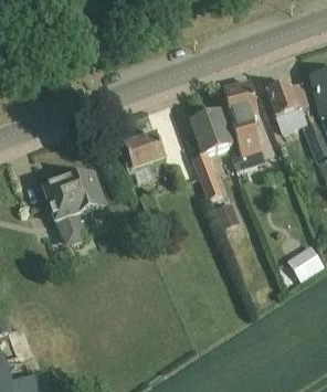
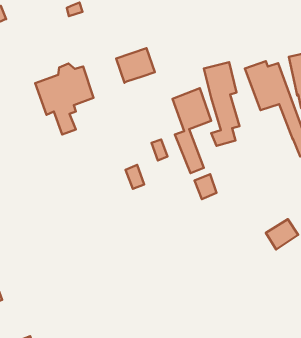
building: [124,133,165,169] -> [116,48,155,83]
building: [43,167,105,242] -> [35,63,94,135]

